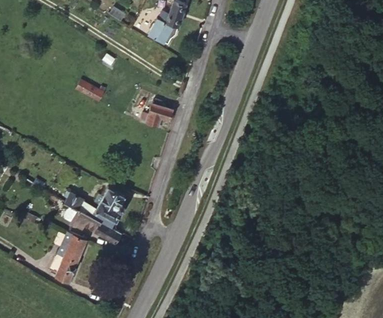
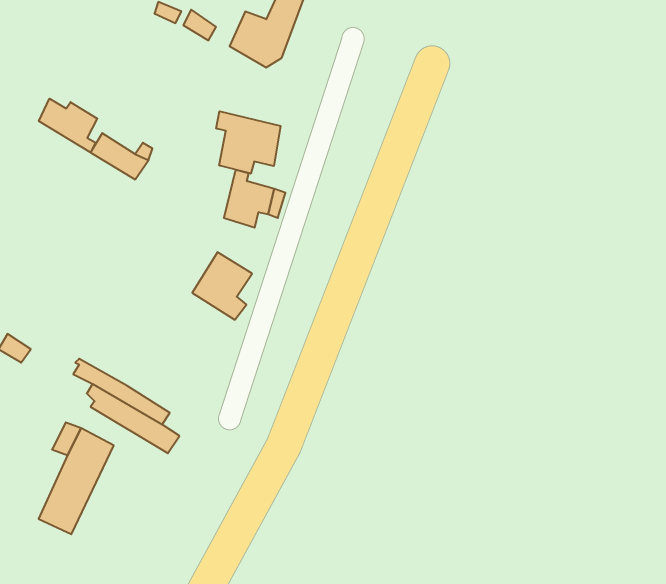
building: none -> [39,99,97,152]
building: none -> [216,111,281,174]
building: [94,187,125,222] -> [192,252,252,320]

